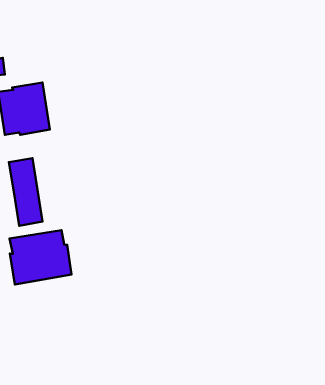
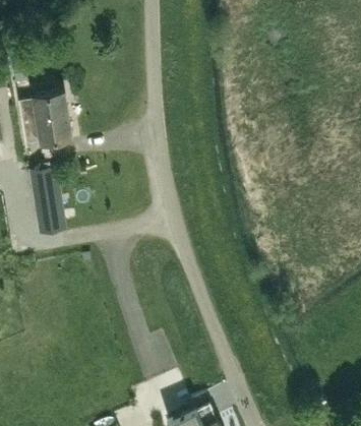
building: [10,230,72,284] -> none

